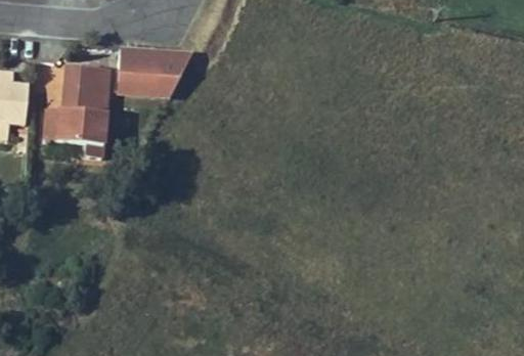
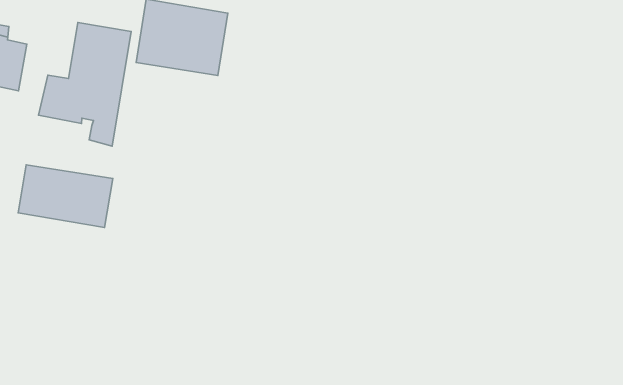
building: none -> [18,165,113,227]

